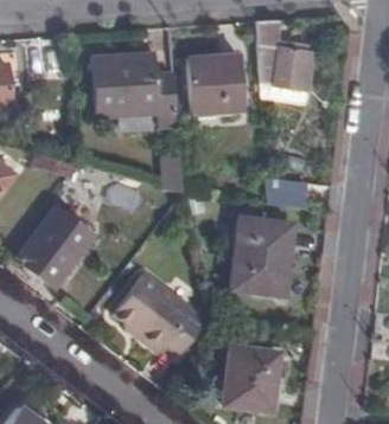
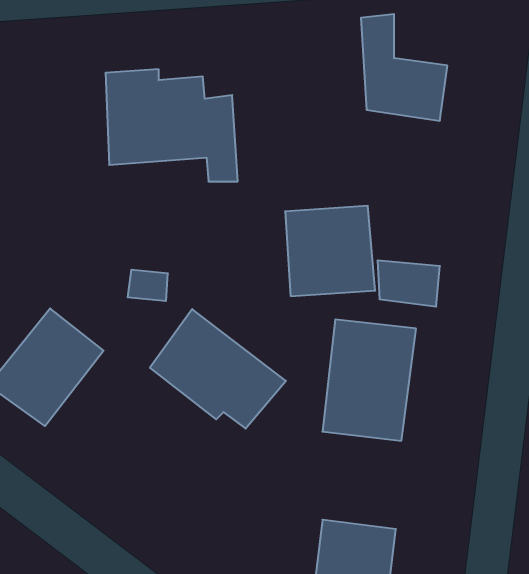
building: [186,53,244,111] -> [285,206,375,296]
building: [116,275,204,352] -> [150,309,286,429]

